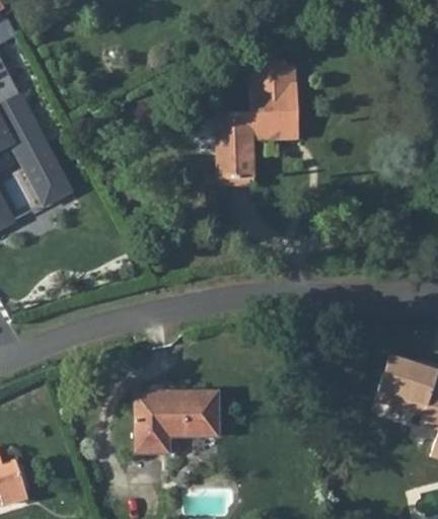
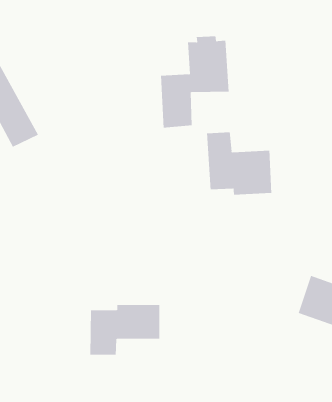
building: none -> [207,132,272,195]

